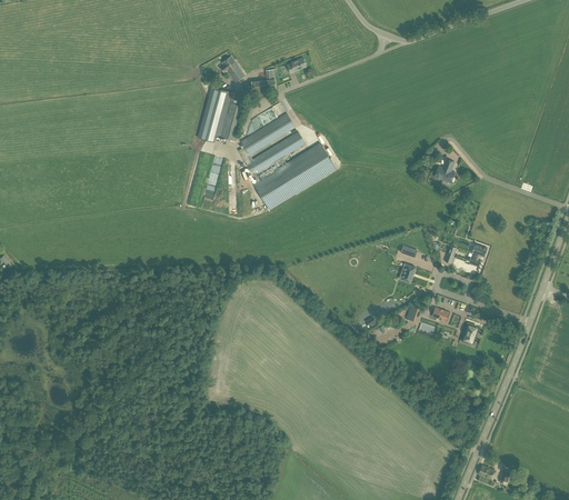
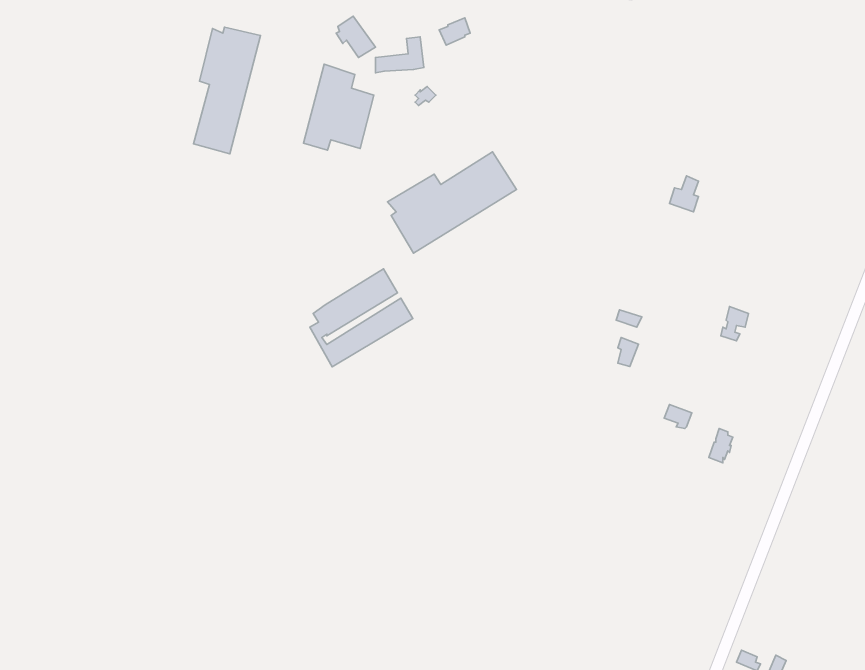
building: none -> [193,27,261,154]
building: [238,111,305,174] -> [310,269,413,367]

